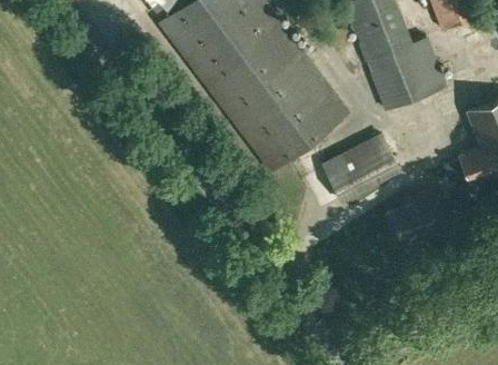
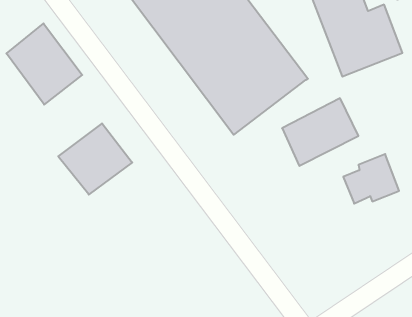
building: none -> [6,23,82,105]
building: none -> [58,123,132,195]

